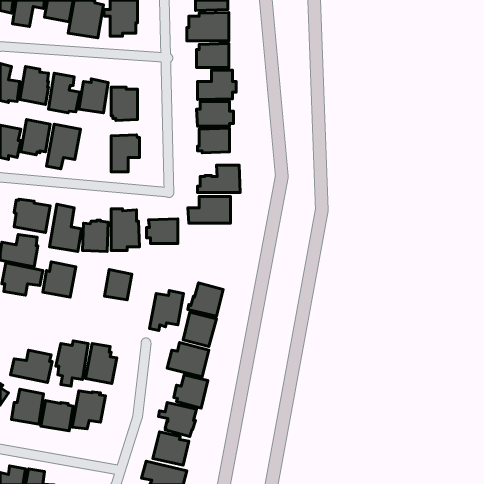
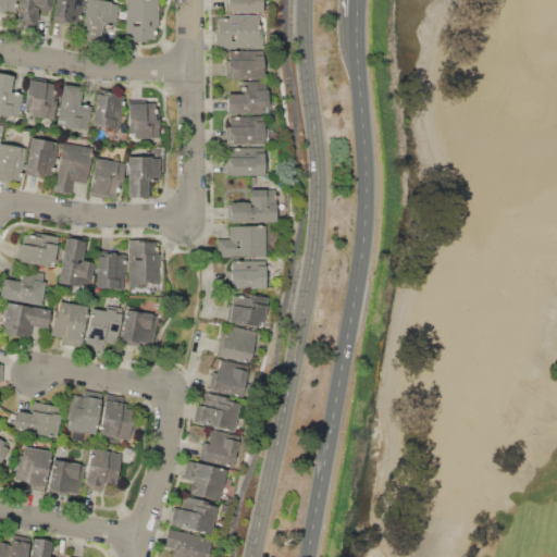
building: none -> [89,159,126,200]
building: [147,219,178,244] -> [230,261,265,289]
building: none -> [230,294,269,330]
building: [149,291,184,330] -> [84,306,123,351]

